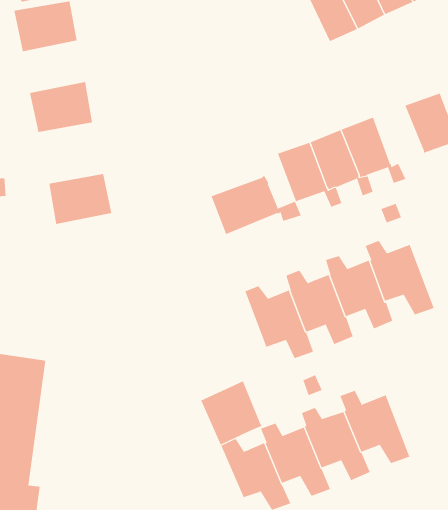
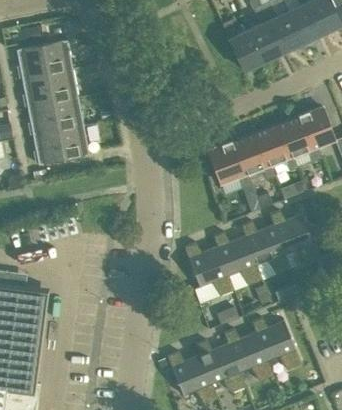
building: none -> [27,71,72,108]
building: none -> [275,117,322,164]
building: [49,174,112,225] -> [38,129,83,165]
building: [211,175,302,235] -> none
building: [200,380,263,445] -> none

